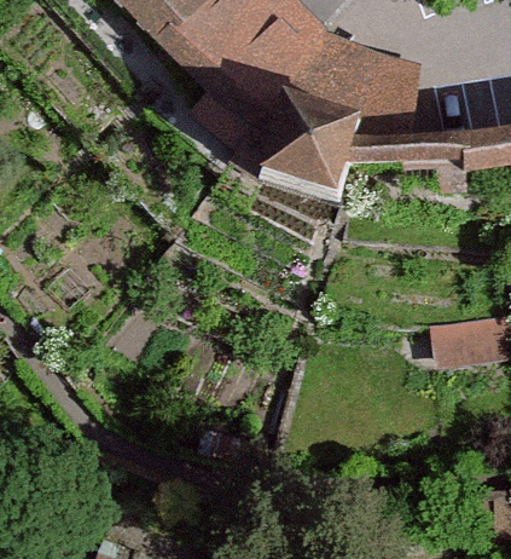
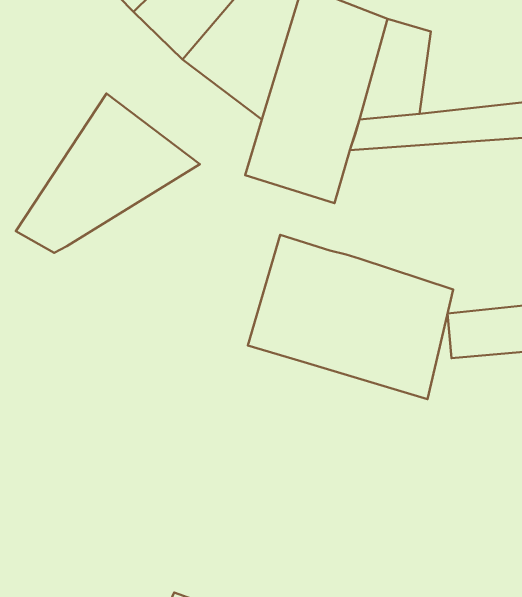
building: none -> [16,94,200,253]
building: none -> [248,235,453,399]

